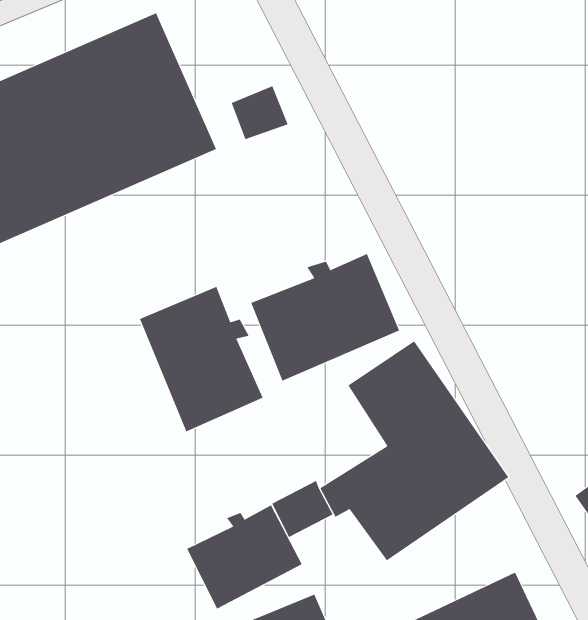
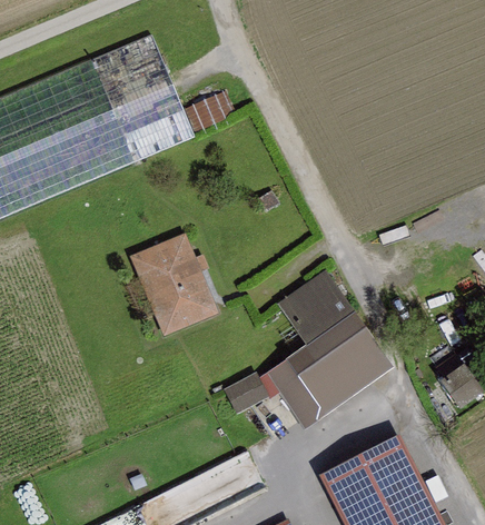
building: [251,253,400,381] -> none
building: [187,504,302,610] -> none

